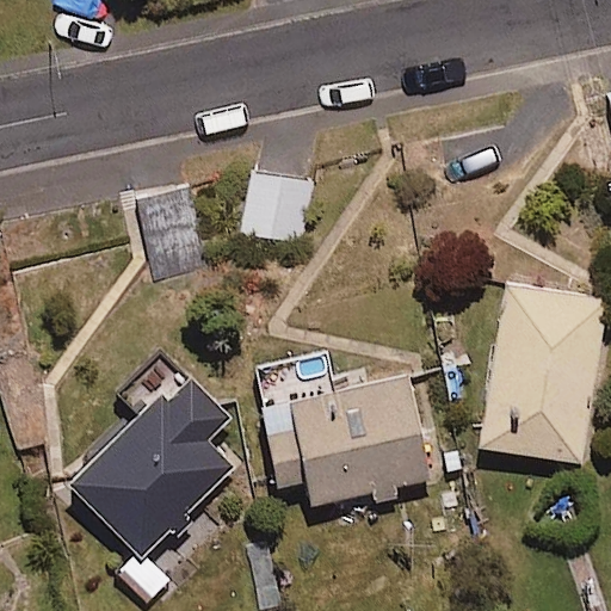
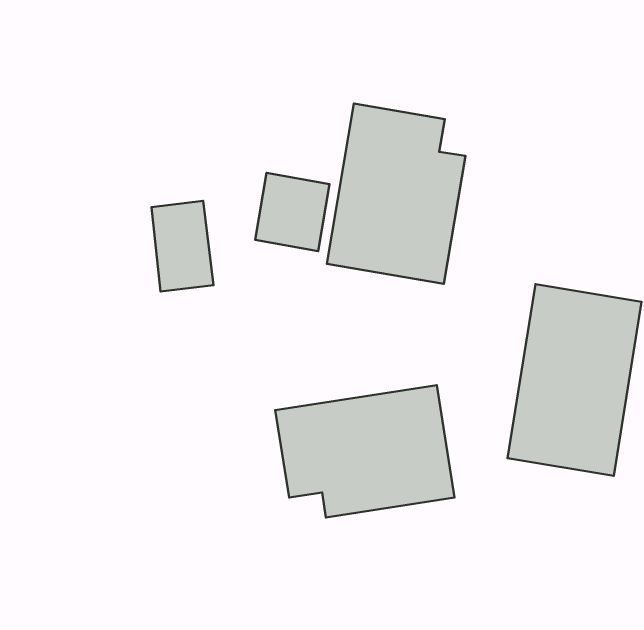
building: none -> [327,103,466,284]
building: [68,366,232,558] -> none

